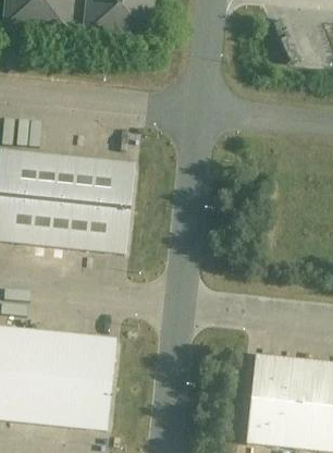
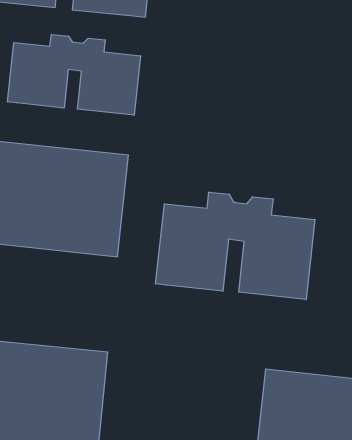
building: none -> [8,34,141,115]
building: none -> [156,192,315,300]

